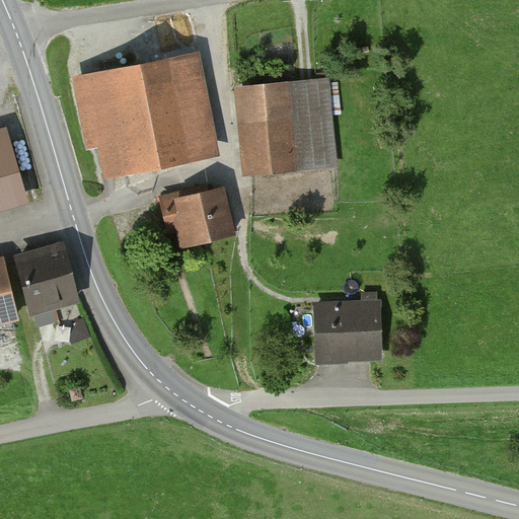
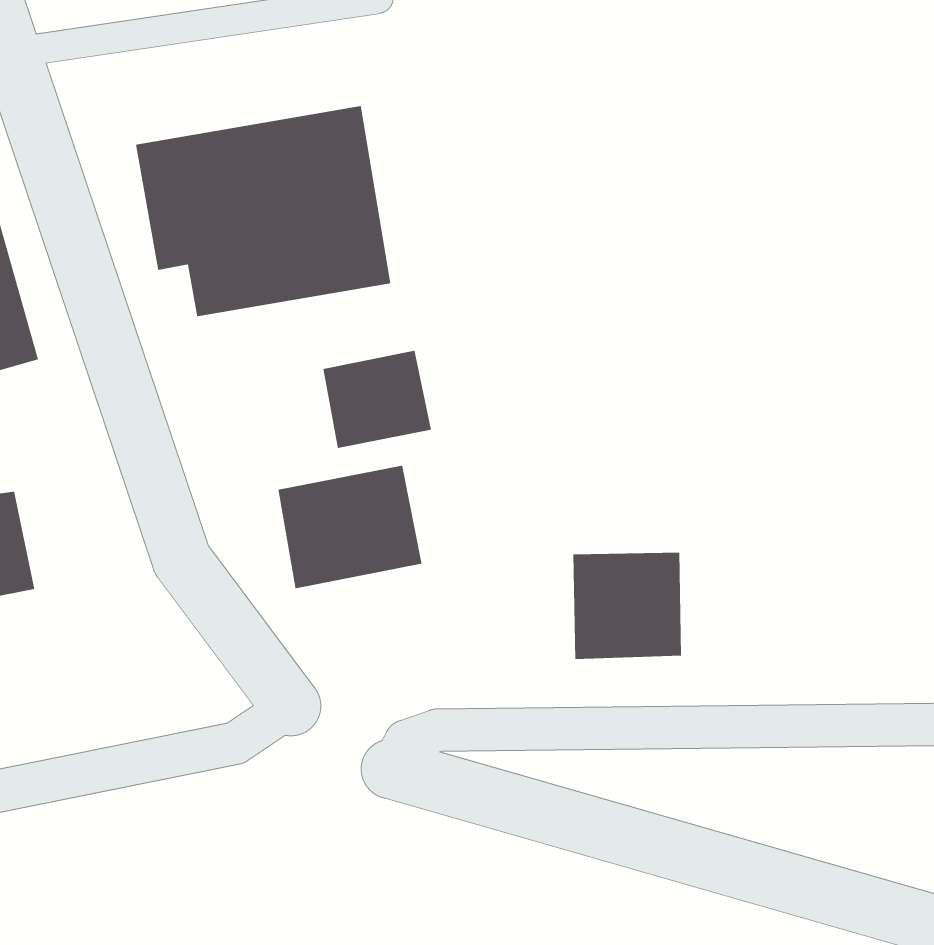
building: [240,84,329,173] -> none
building: [19,252,76,311] -> none
building: none -> [278,465,422,589]

